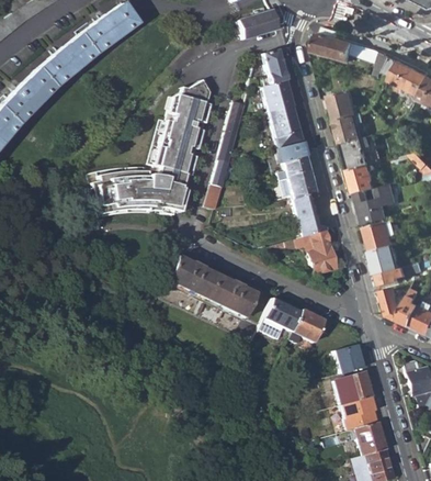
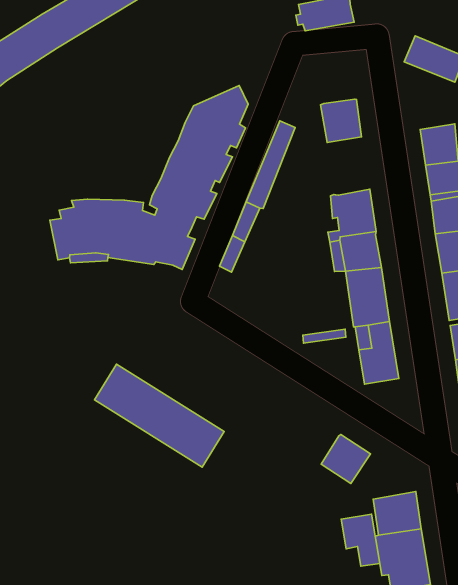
building: [260,51,283,87] -> none
building: [268,107,300,148] -> none
building: [163,258,254,322] -> [95,364,224,467]
building: [261,300,299,337] -> none
building: none -> [341,514,380,566]

